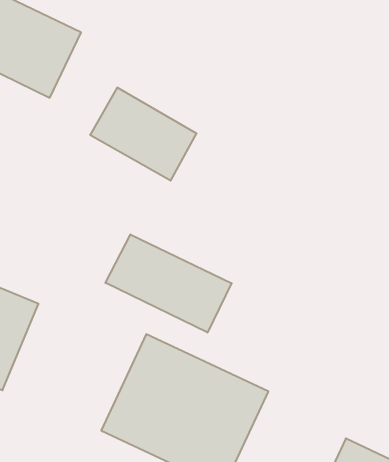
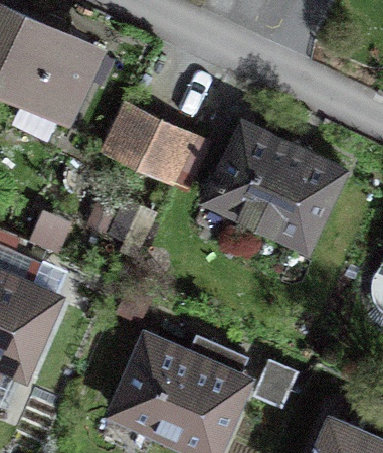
building: none -> [204,124,349,249]
building: [105,234,232,333] -> none

